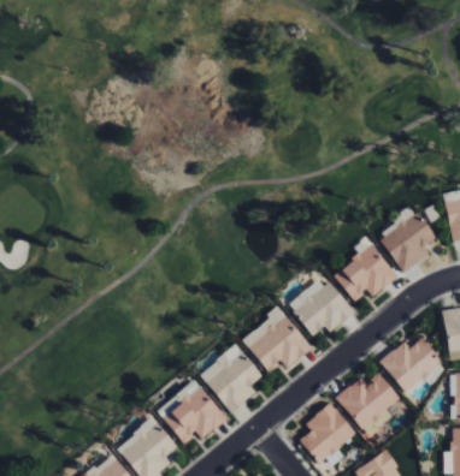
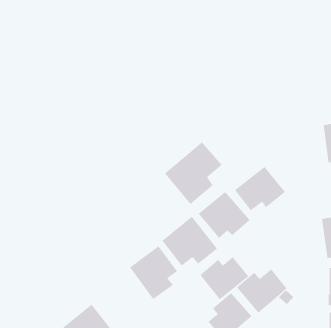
building: [378,210,432,272] -> none
building: none -> [164,142,222,205]
building: [381,338,443,393] -> [199,256,249,300]
building: [158,380,228,444] -> none

